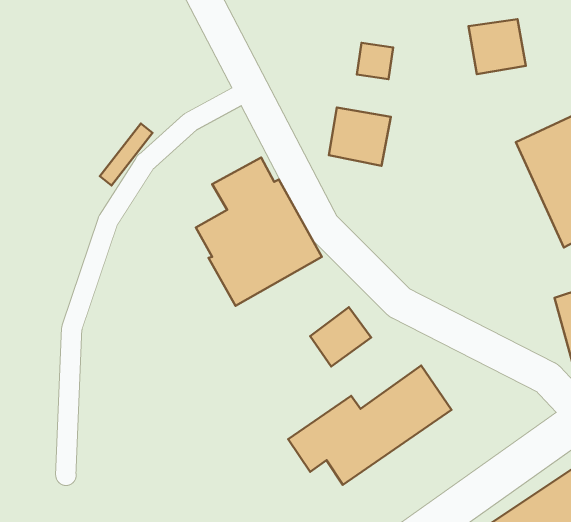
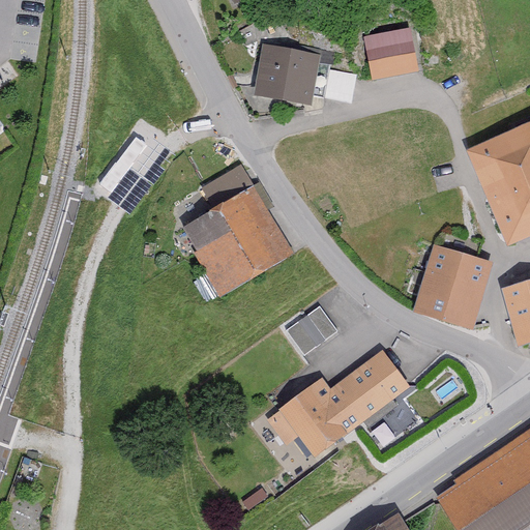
building: [469,19,526,74] -> [366,31,417,80]
building: [329,107,391,166] -> [261,49,316,100]
building: none -> [413,233,494,330]

